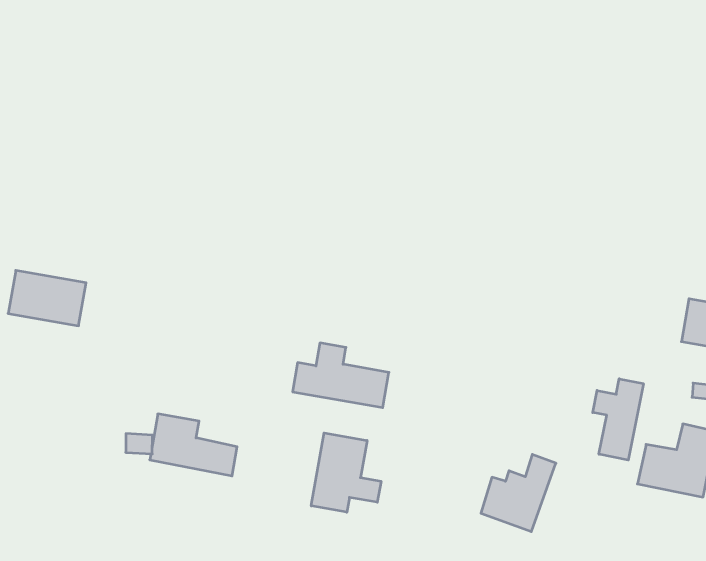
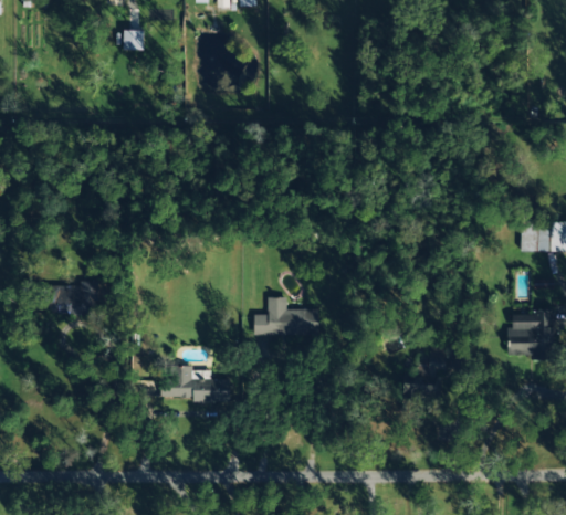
building: [593,379,643,460] -> none
building: [311,433,381,512] -> none

